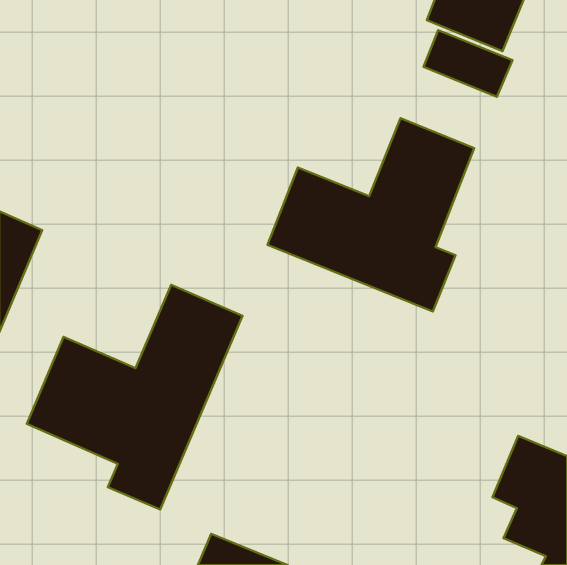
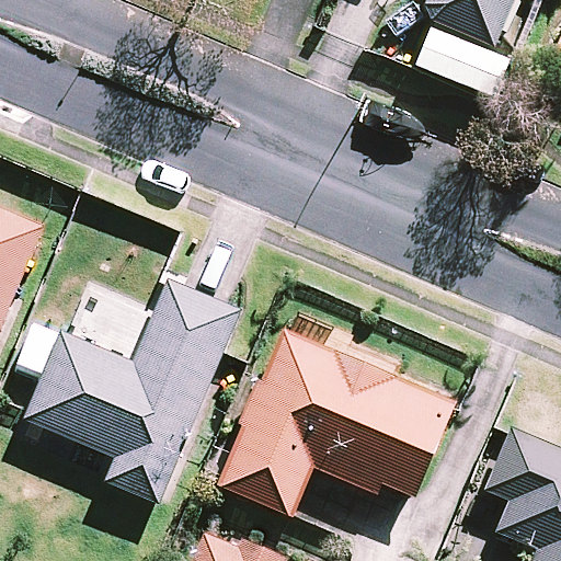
building: [268,118,474,311] -> none
building: none -> [221,331,455,512]

